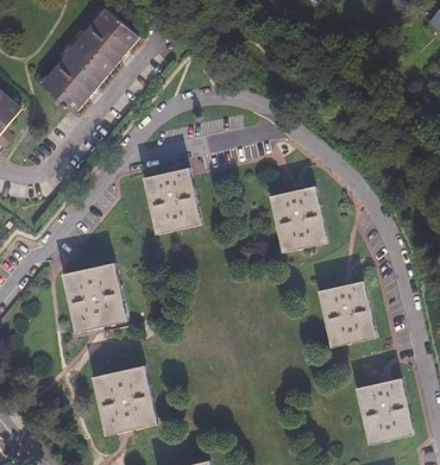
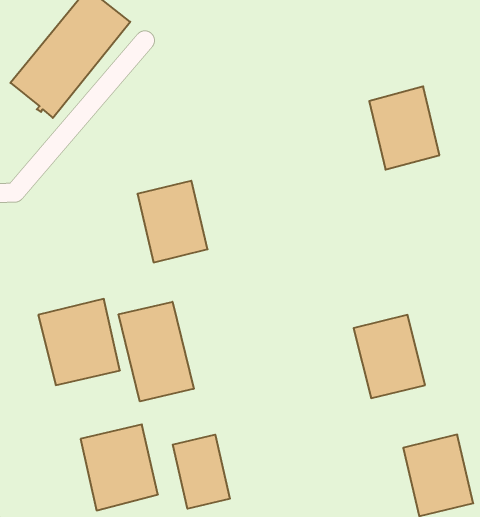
building: [268,181,325,249] -> [369,86,439,170]
building: none -> [119,302,194,401]
building: none -> [173,435,230,509]

